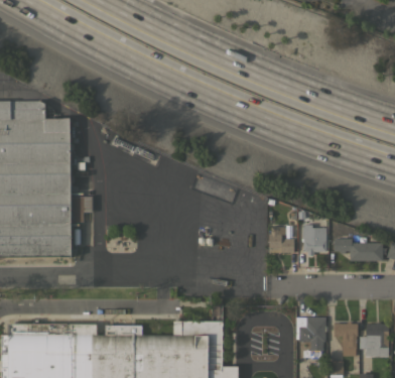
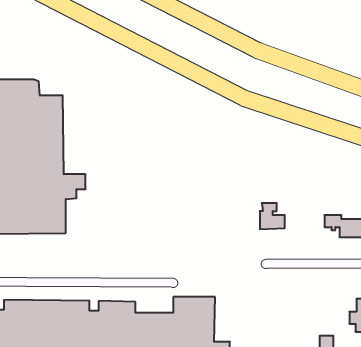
building: [301,224,325,251] -> none
building: [295,316,327,358] -> none
building: [334,321,357,355] -> none

